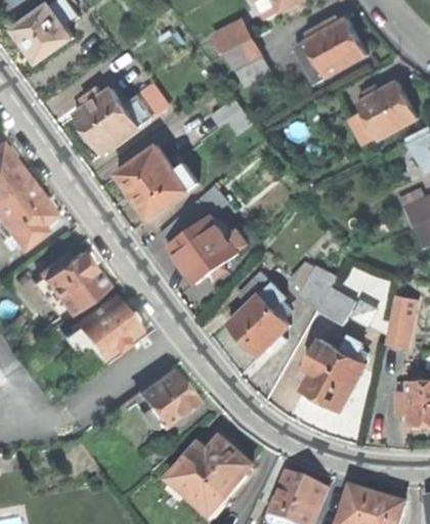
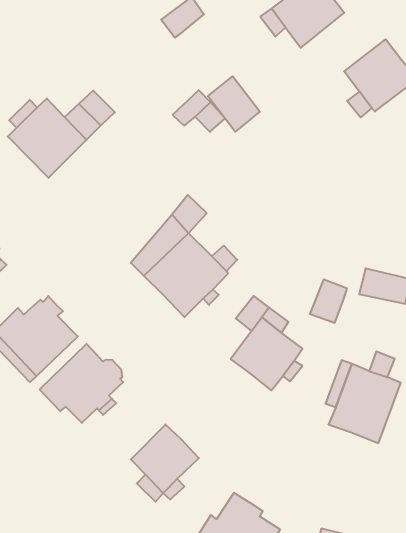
building: [227,37,268,83] -> [208,76,260,132]
building: [118,144,199,217] -> none
building: [317,288,356,325] -> none

